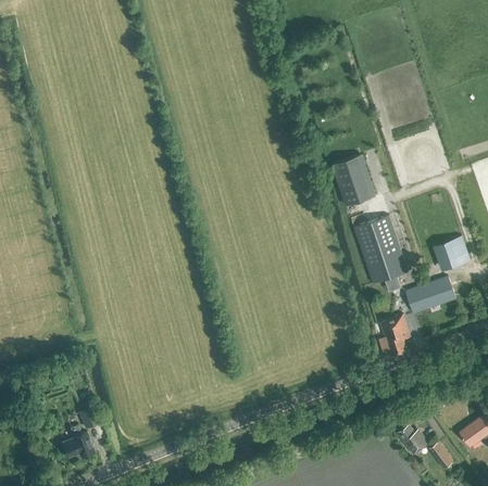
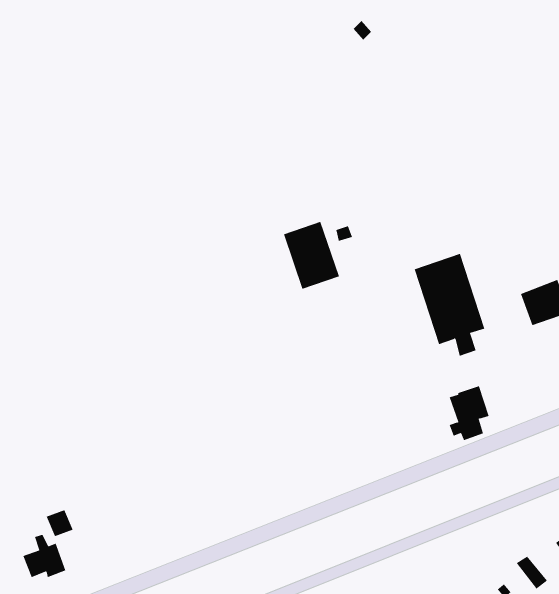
building: [333,155,375,206] -> [283,221,340,289]
building: [406,277,455,314] -> none
building: [397,424,428,455] -> none

